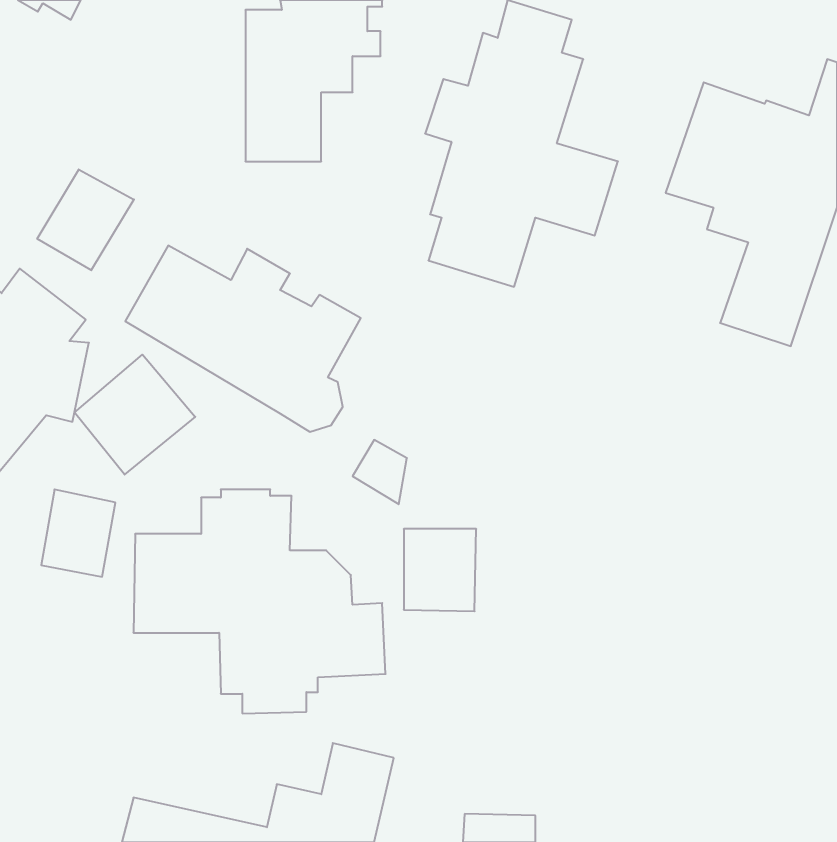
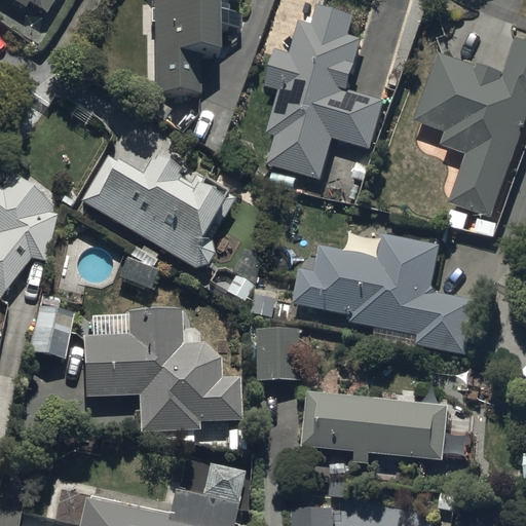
building: [37,169,134,270] -> none
building: [75,355,195,475] -> none
building: none -> [292,232,477,355]
building: none -> [300,387,449,465]

